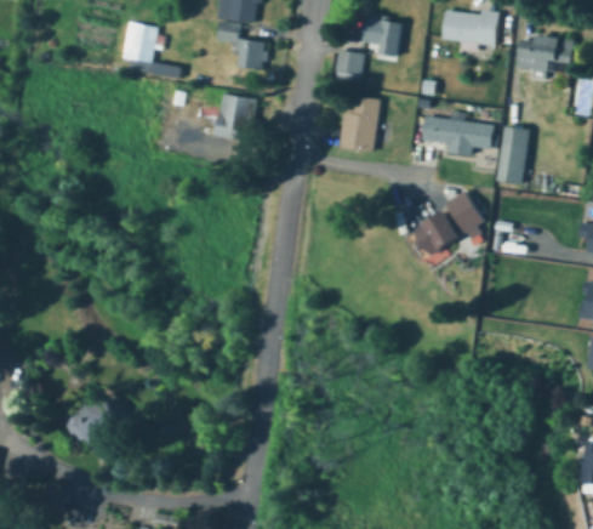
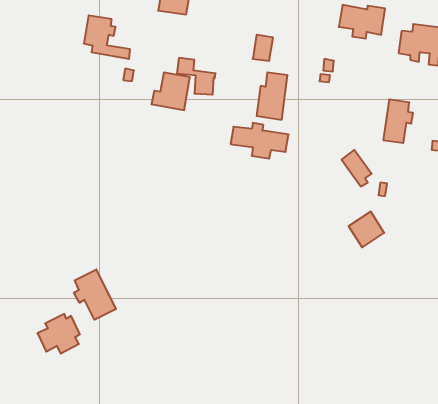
building: [364,17,401,47] -> none
building: [216,22,264,68] -> [177,58,216,95]
building: [422,112,495,157] -> [231,123,289,159]
building: [415,210,460,255] -> [349,212,384,247]
building: none -> [74,269,116,320]

